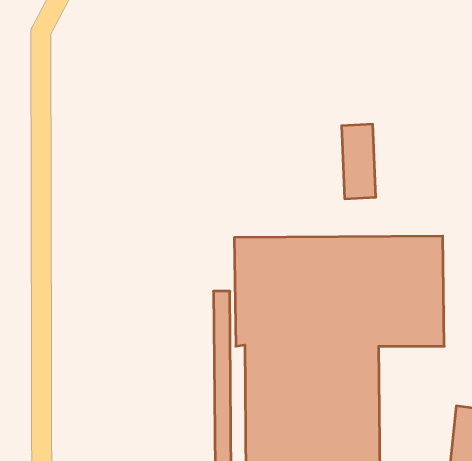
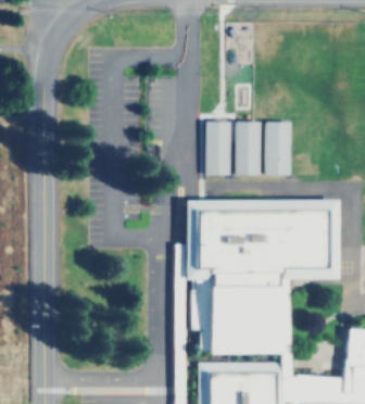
building: none -> [204,121,230,176]
building: none -> [234,121,262,175]

